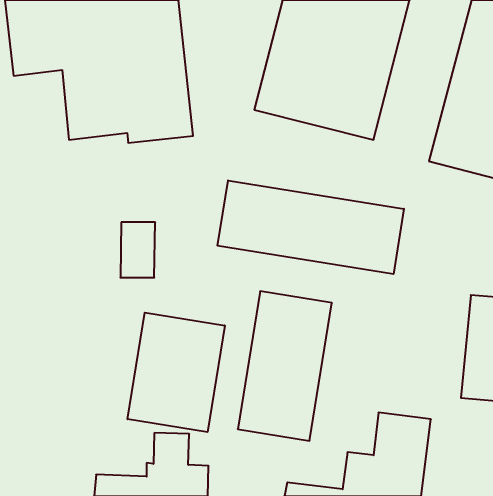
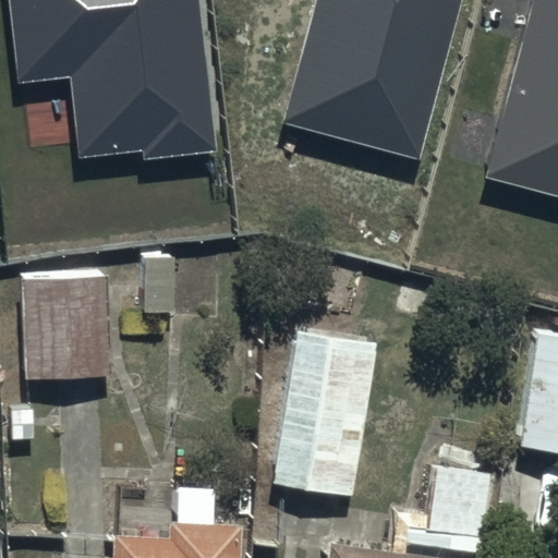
building: [218,180,404,274] -> none
building: none -> [21,274,111,383]
building: [128,313,225,432] -> none

